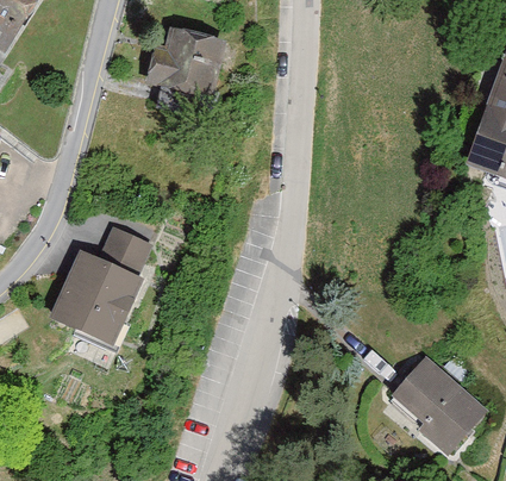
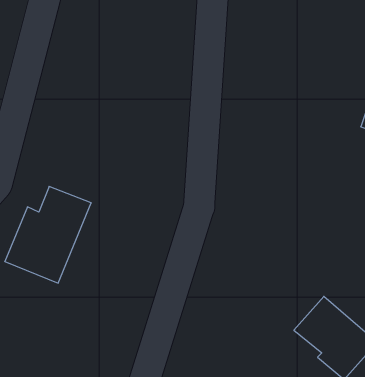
building: [145,24,225,101] -> none

